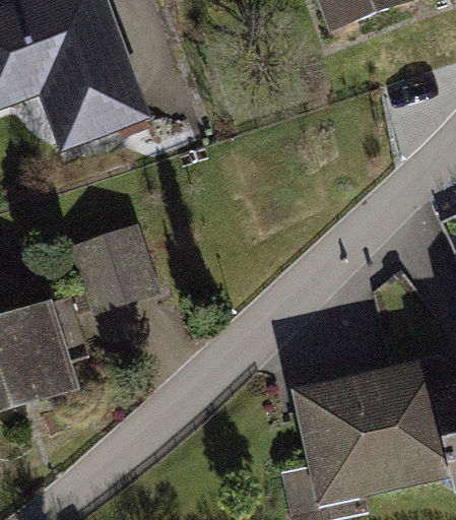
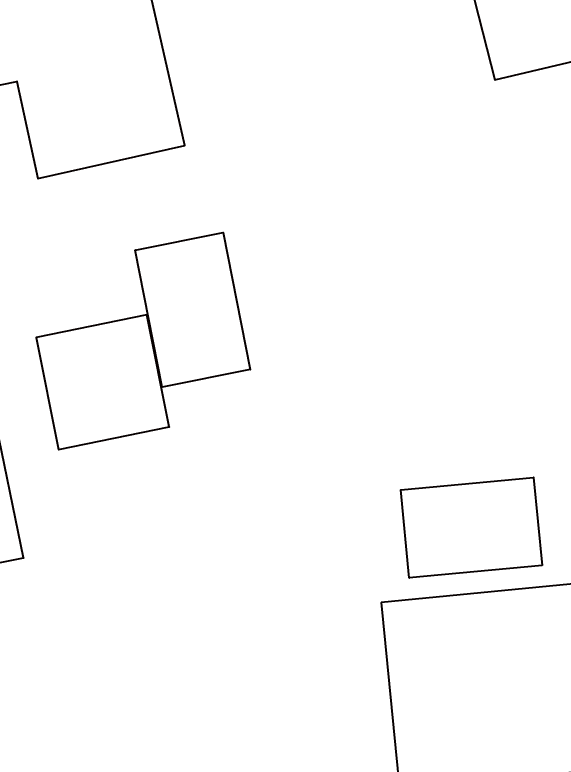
building: none -> [135,233,250,387]
building: none -> [401,477,542,578]

